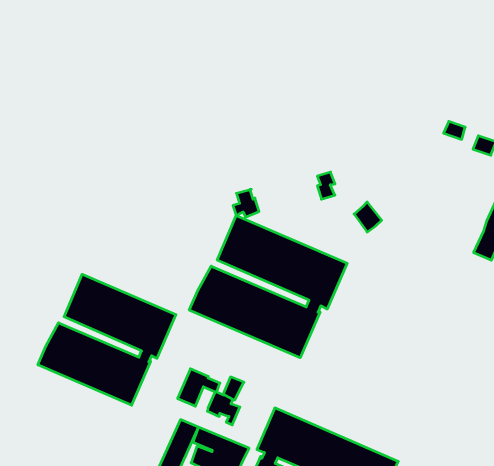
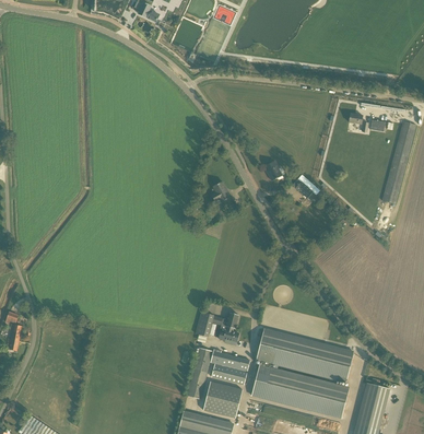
building: [189,216,347,358] -> none
building: [38,274,176,405] -> none

